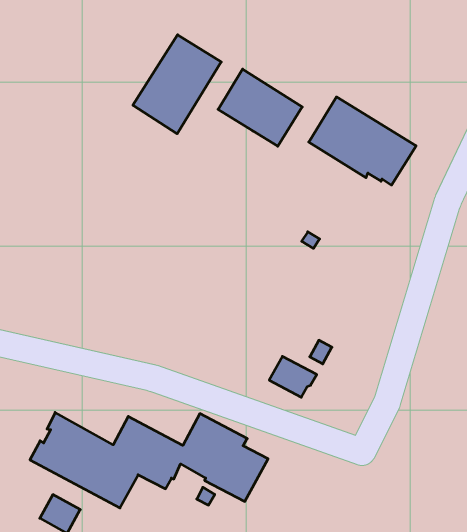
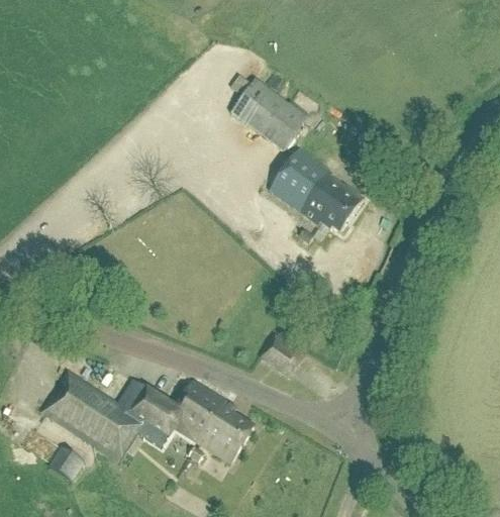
building: [133,35,221,134] -> none
building: [309,97,416,185] -> [269,150,364,232]

